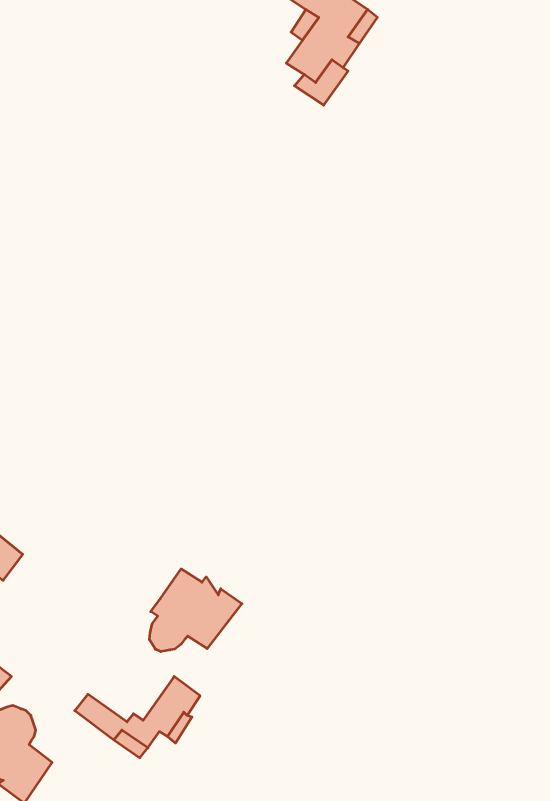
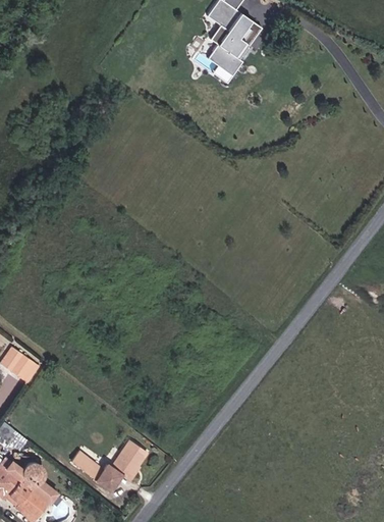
building: [149,569,242,652] -> none

